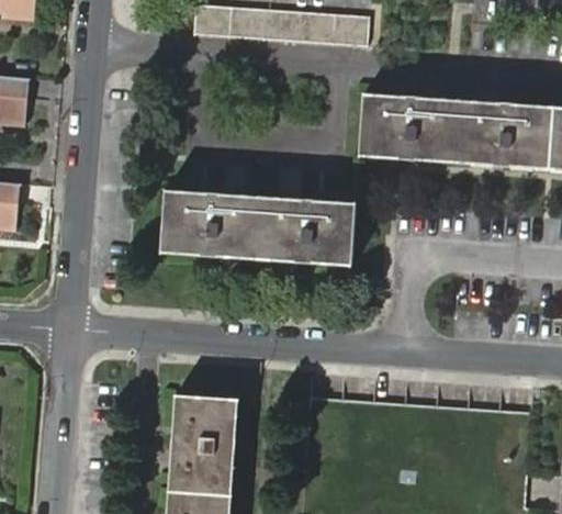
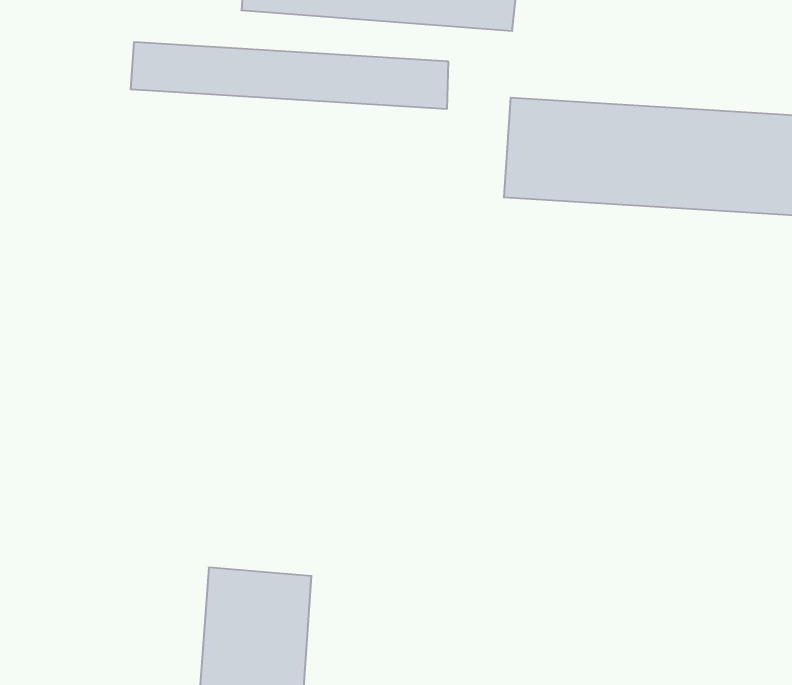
building: none -> [131,42,448,109]
building: [160,189,358,264] -> none

